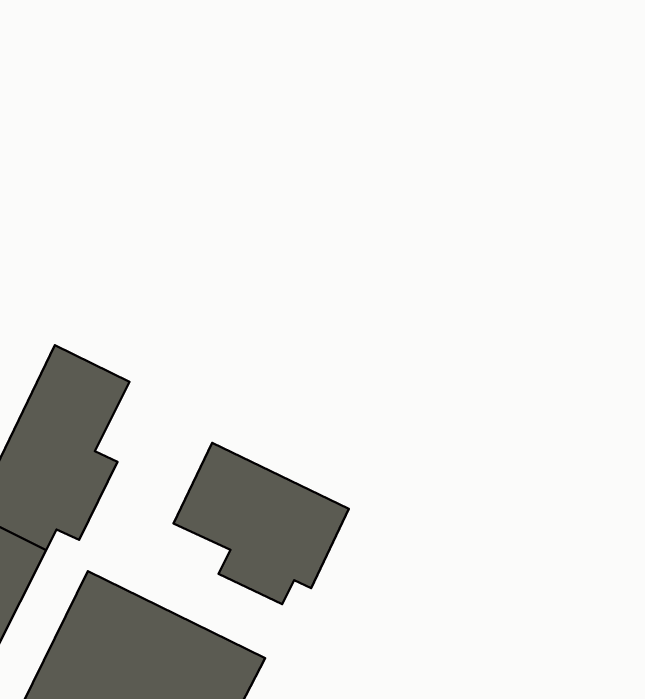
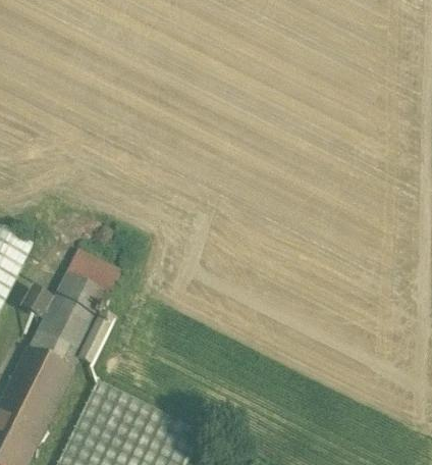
building: [173,443,349,604] -> none

